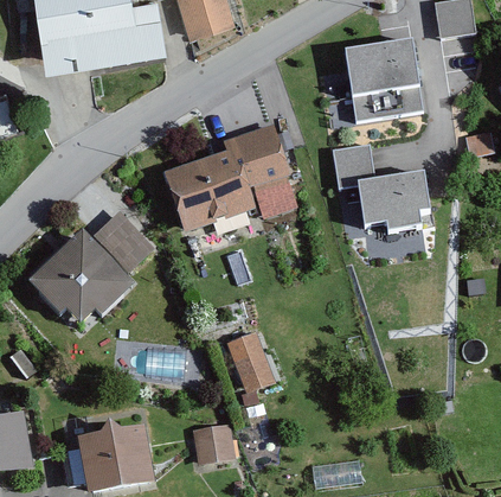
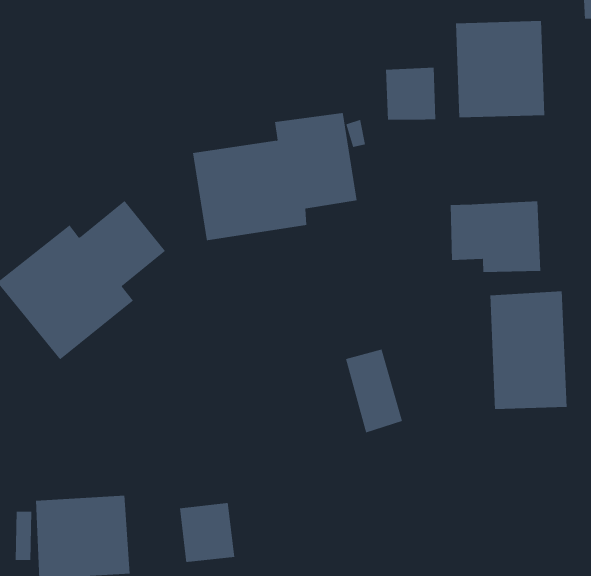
building: [333,144,374,186] -> [385,67,436,120]
building: none -> [490,290,567,410]
building: [227,333,275,396] -> [345,349,403,433]

